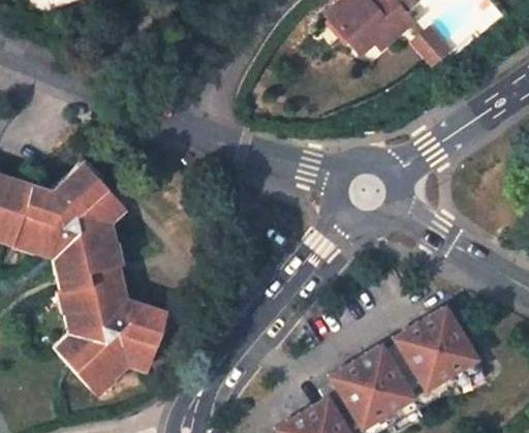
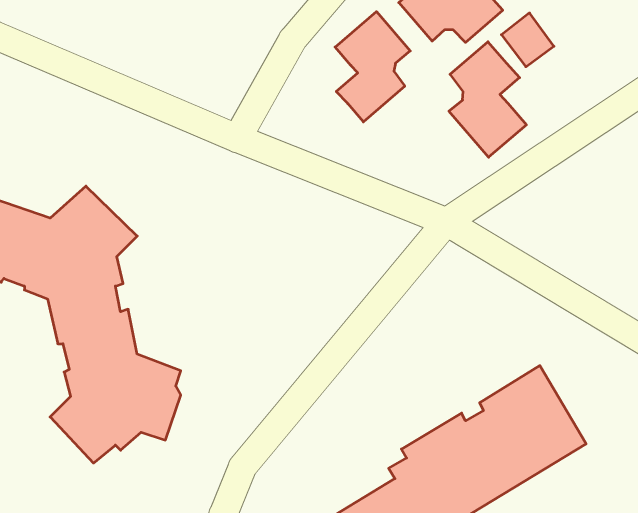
building: none -> [335,12,410,122]
building: none -> [449,42,526,157]

